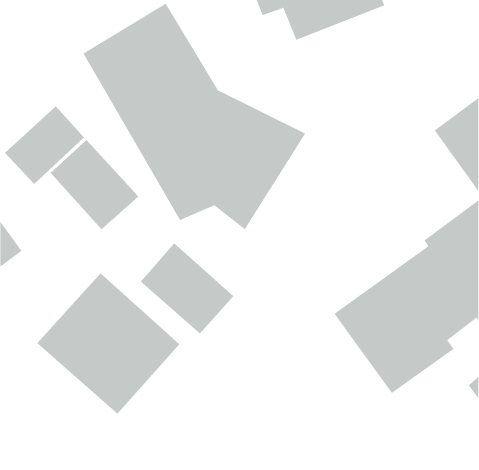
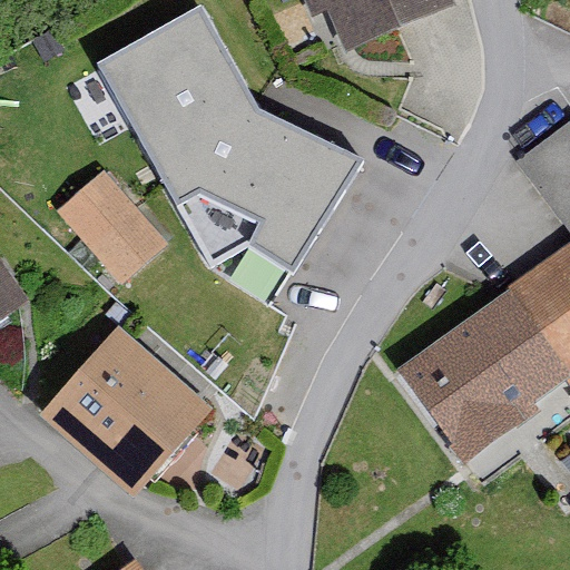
building: [4,105,85,185] -> none
building: [140,243,234,334] -> none

